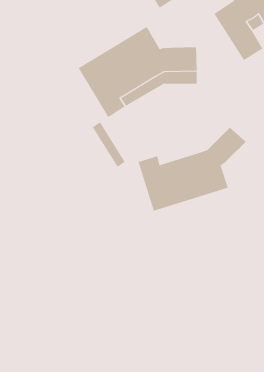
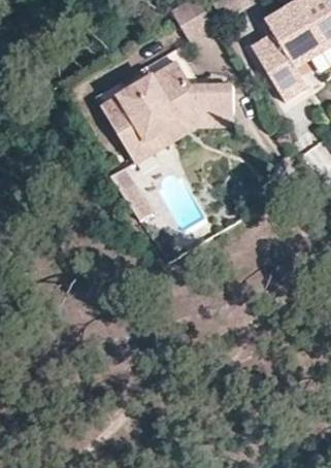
building: [138,127,246,211] -> none

